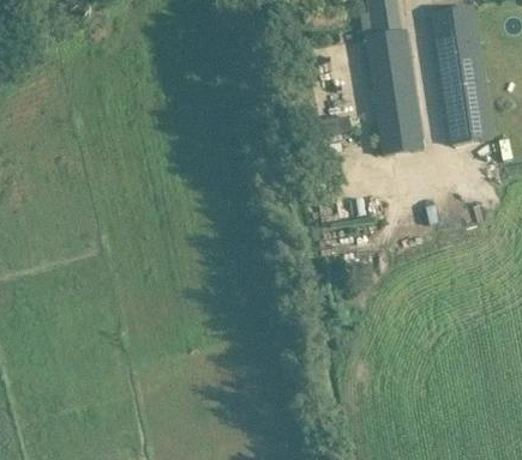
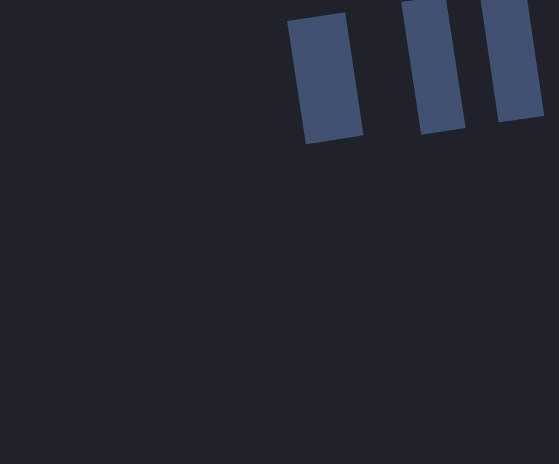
building: none -> [286,11,365,145]

